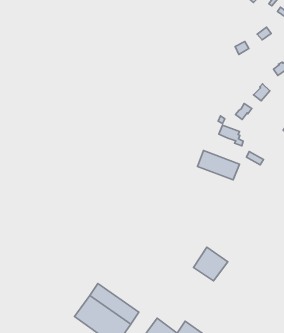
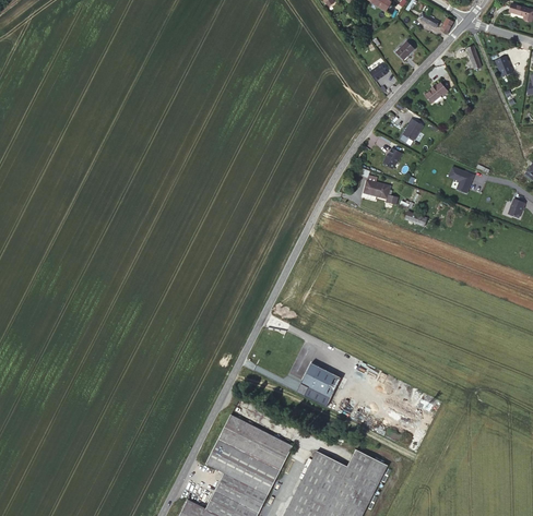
building: [198,151,239,180] -> none
building: [193,247,228,281] -> [296,363,341,407]

